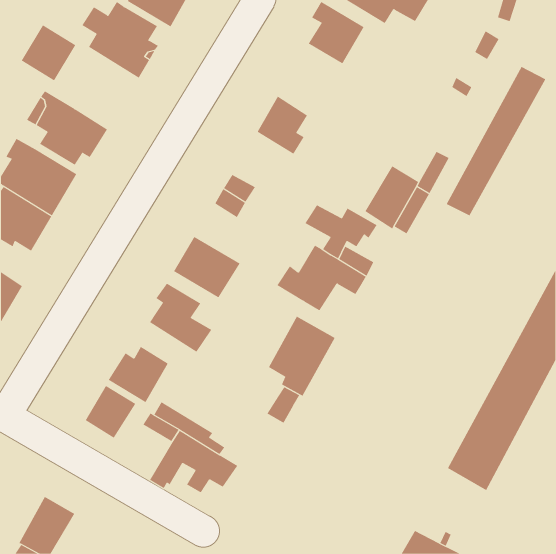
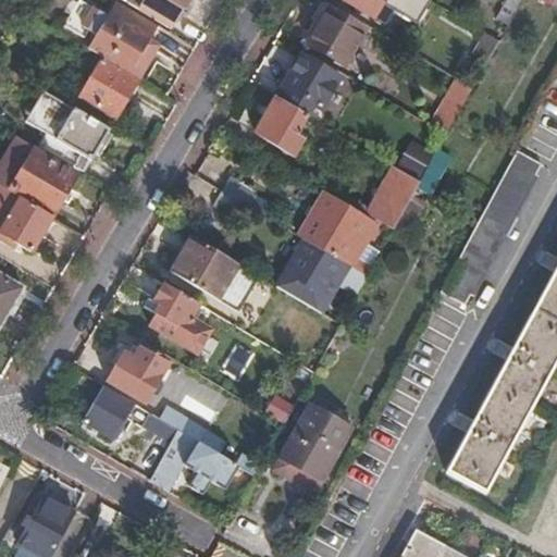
building: [21,25,76,81] -> [81,60,136,116]
building: none -> [284,54,339,109]
building: [446,66,546,216] -> [442,154,542,305]
building: [268,316,336,397] -> [283,405,350,485]

